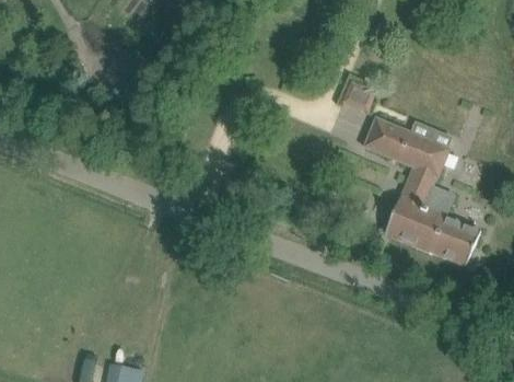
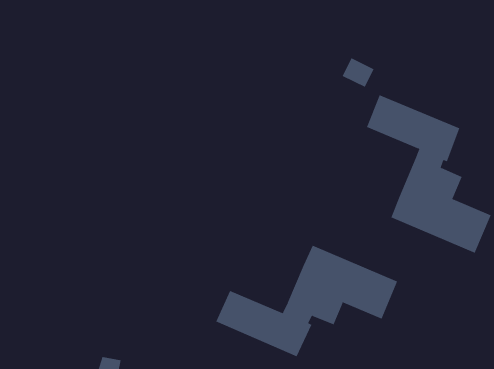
building: none -> [215,245,398,357]

